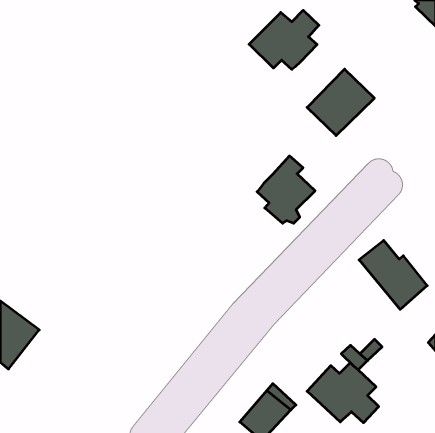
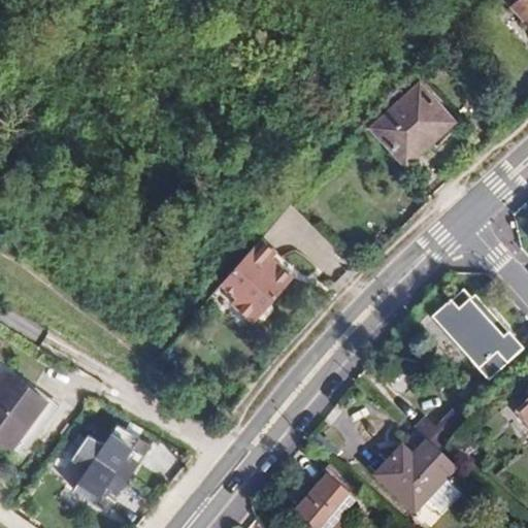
building: [249,10,319,69] -> none
building: [257,156,315,223] -> [219,238,289,320]
building: none -> [68,420,148,506]

